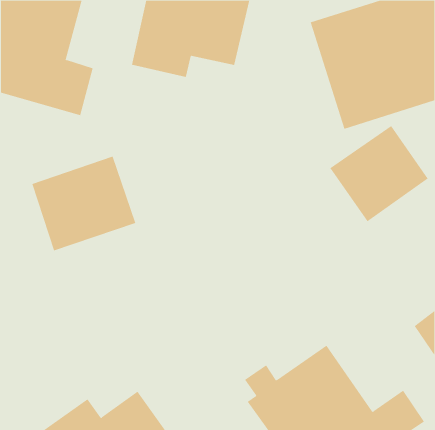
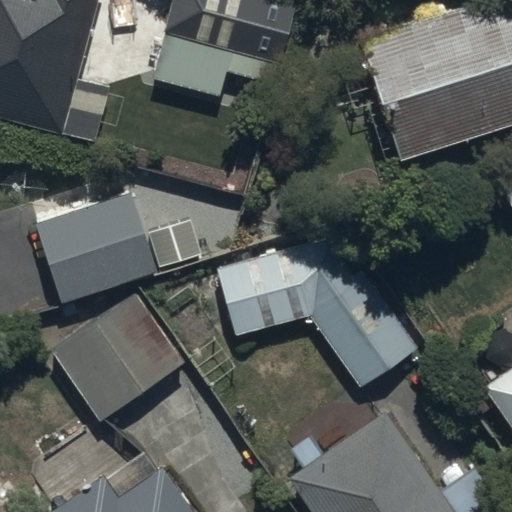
building: [330,125,428,222] -> none
building: none -> [217,240,419,389]
building: none -> [53,292,213,421]

